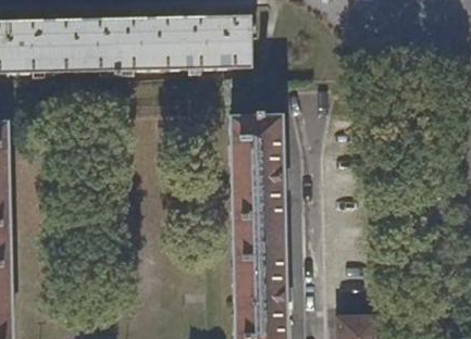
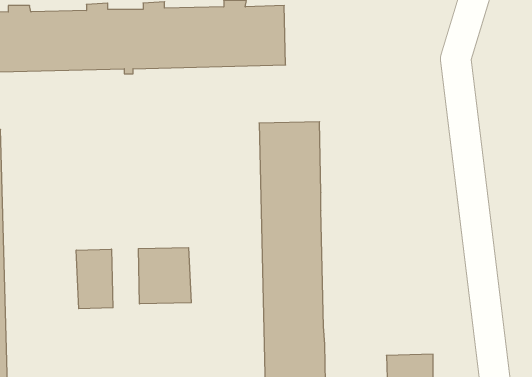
building: none -> [138,248,191,304]
building: none -> [76,249,113,309]

